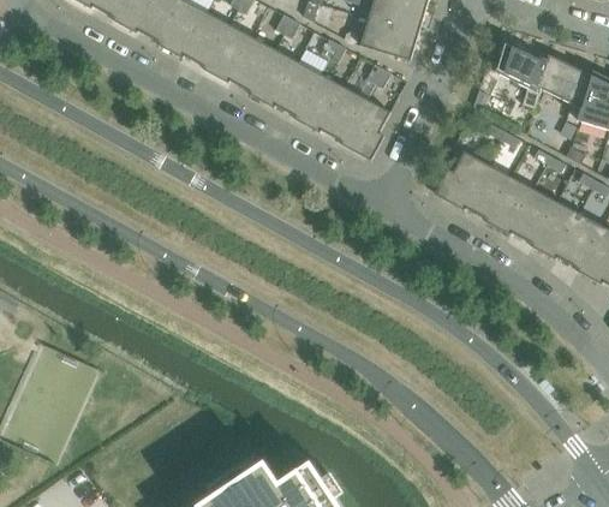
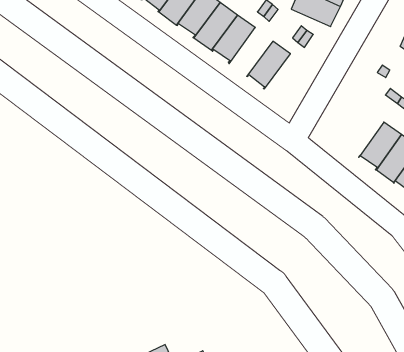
building: [295,72,344,131] -> none
building: [341,97,390,160] -> none
building: [434,150,488,209] -> none

